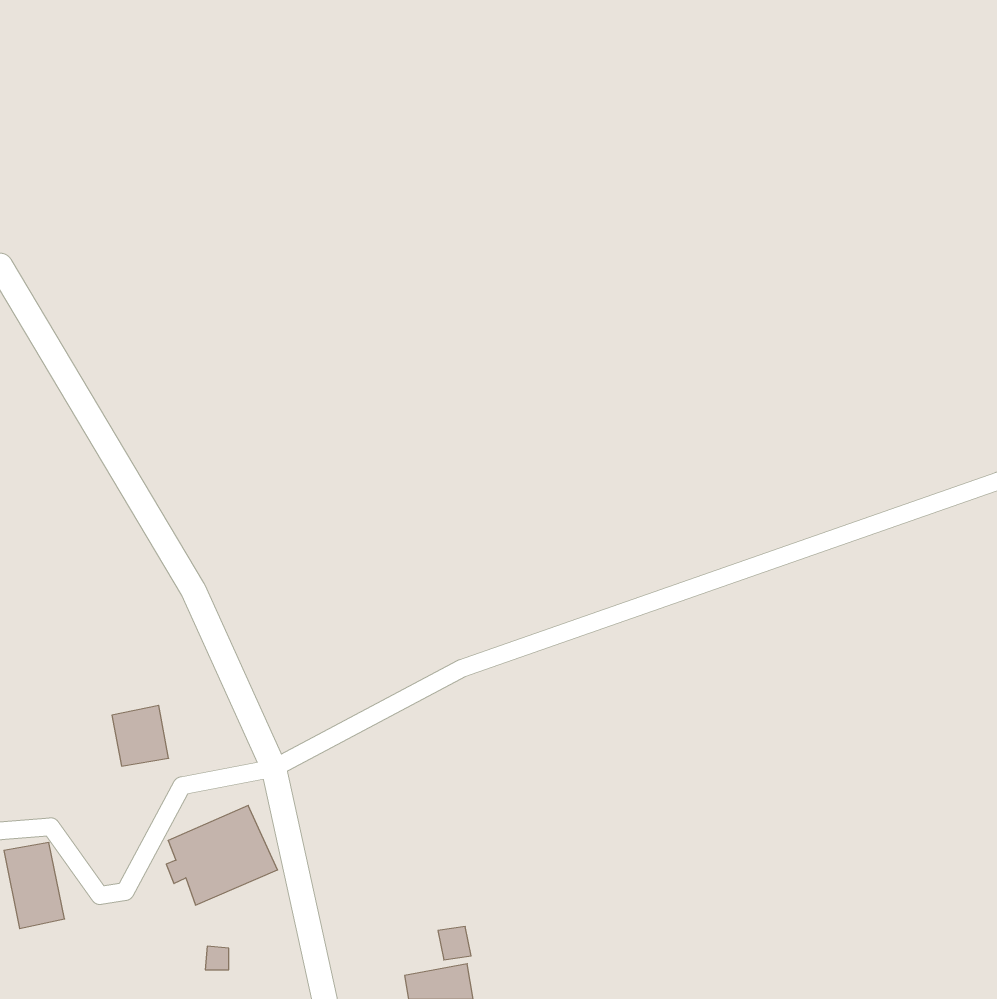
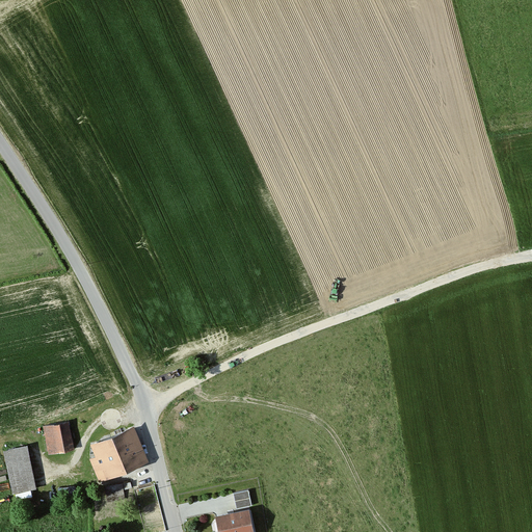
building: [112,705,169,766] -> [44,423,74,455]

